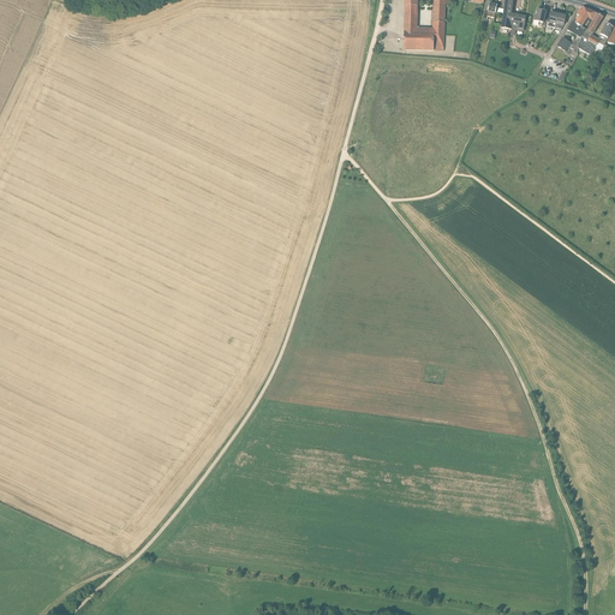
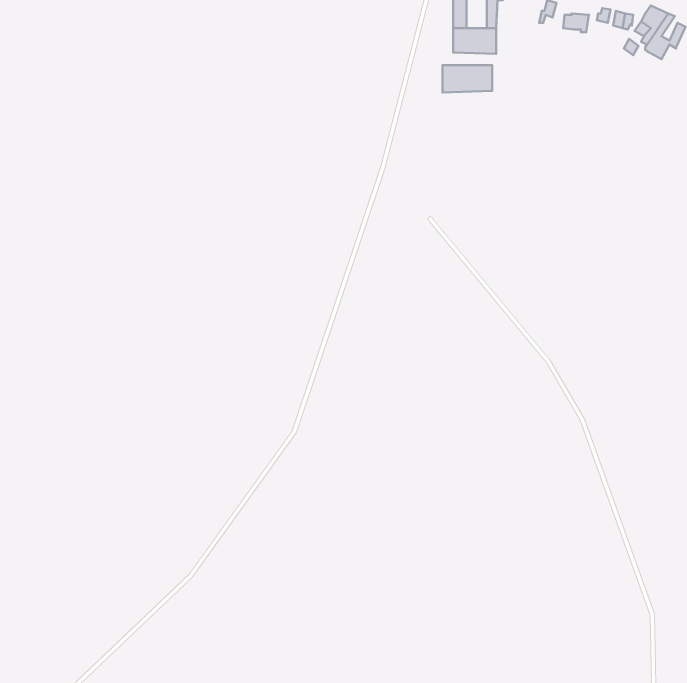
building: none -> [443,65,492,92]

